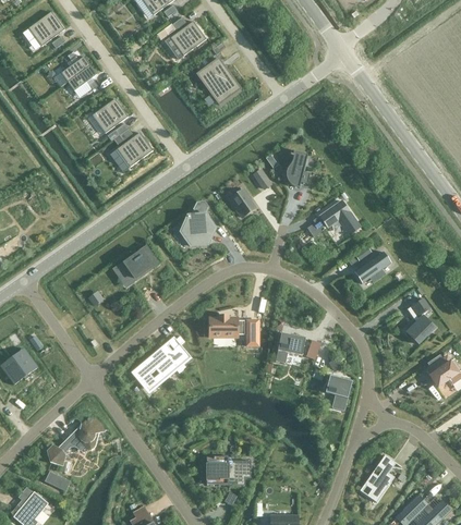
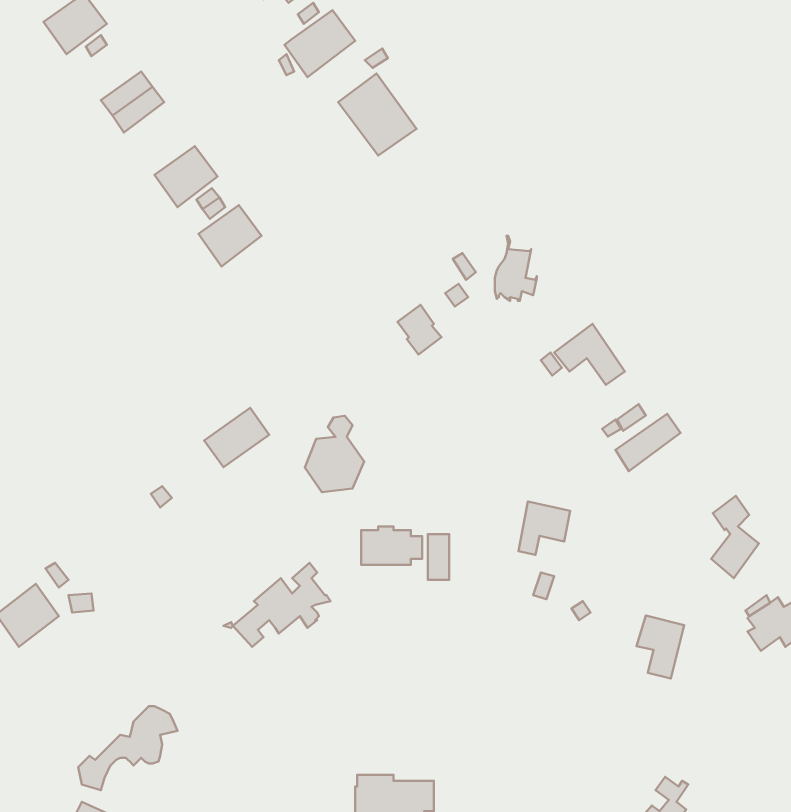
building: [180,202,214,245] -> [305,416,364,492]
building: [275,332,304,363] -> [518,501,570,555]
building: [324,375,351,411] -> [636,616,684,679]

